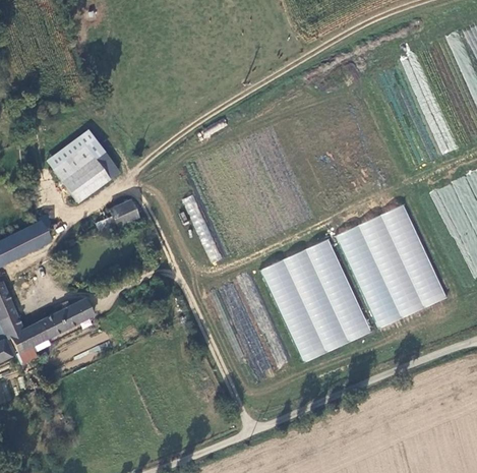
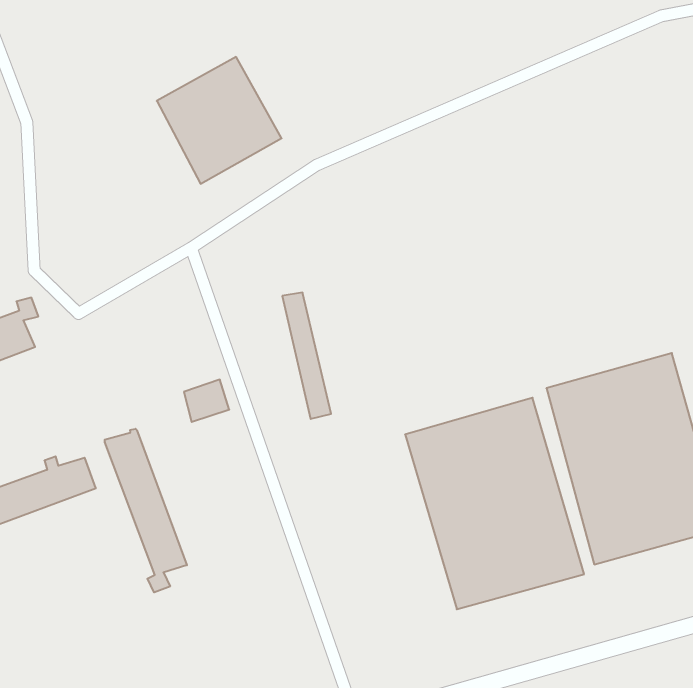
building: [47,129,119,202] -> [157,57,282,184]
building: [112,199,138,225] -> [184,380,229,422]
building: none -> [105,429,187,592]

